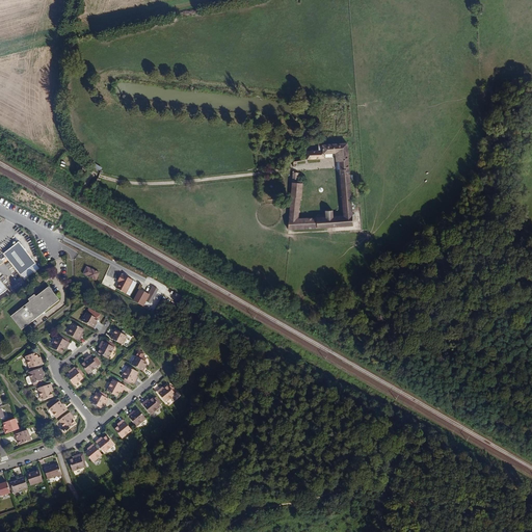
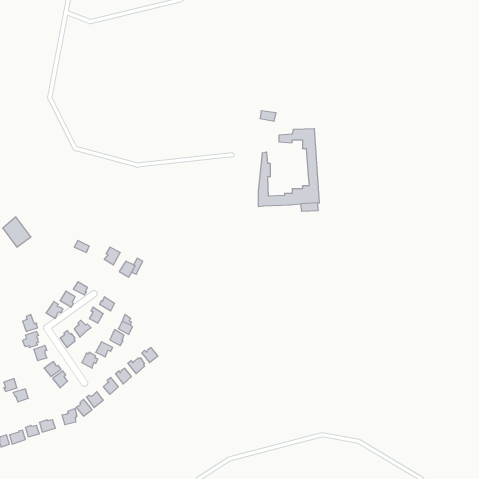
building: [9,285,58,328] -> none

